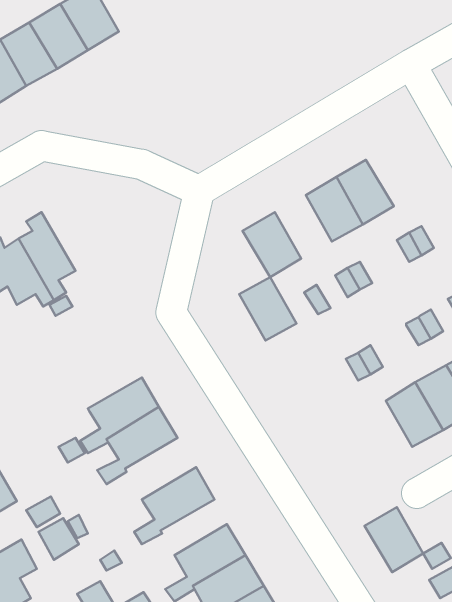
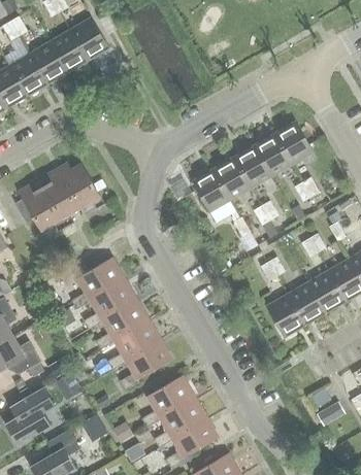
building: none -> [273,121,313,164]
building: none -> [57,162,104,208]
building: [239,277,296,340] -> [212,157,251,199]
building: none -> [70,257,124,309]
building: none -> [106,318,160,370]
building: [364,507,423,572] -> [265,294,304,337]

